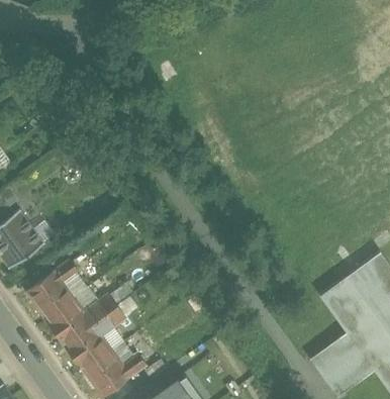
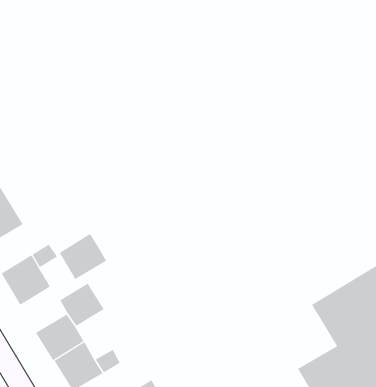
building: [47,300,93,344] -> [59,233,107,280]

